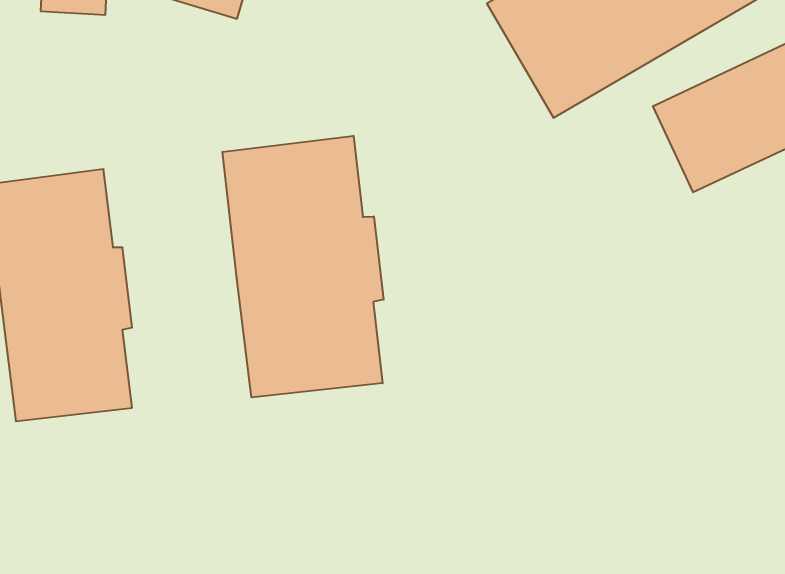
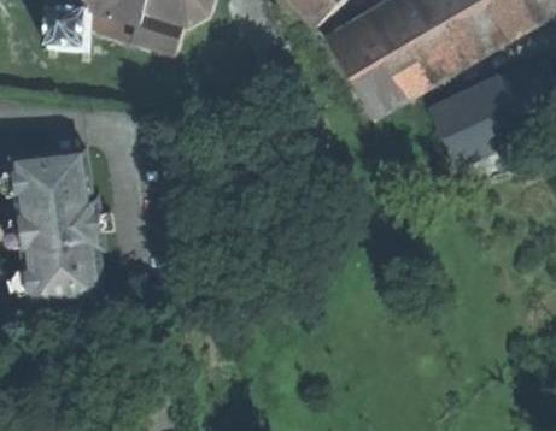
building: [223,136,384,397] -> none

